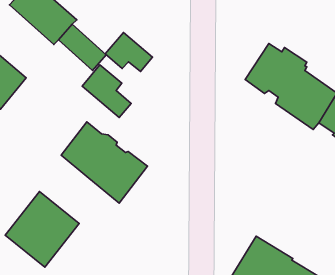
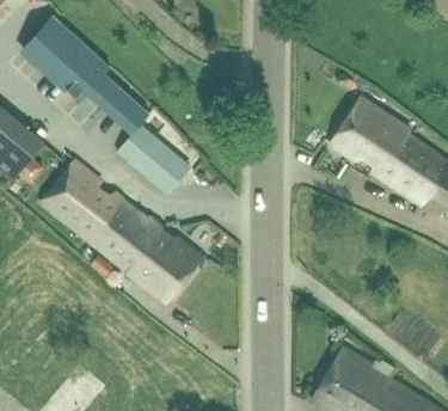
building: [105,32,152,71] -> none
building: none -> [42,162,124,243]
building: [5,192,79,267] -> none

